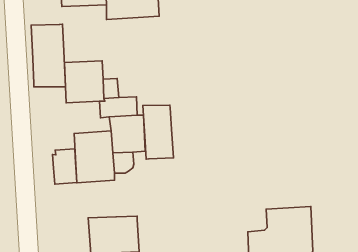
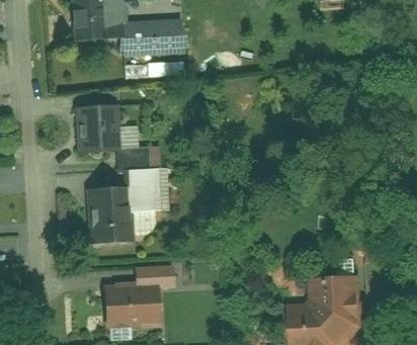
building: [31,24,66,87] -> none
building: [143,105,173,159] -> none
building: [53,149,77,184] -> none
building: none -> [133,265,174,287]

